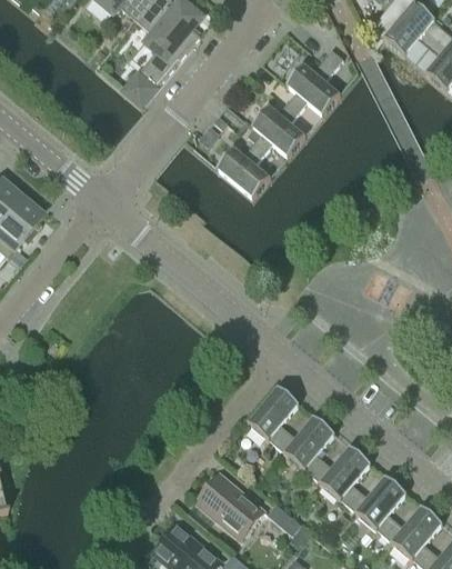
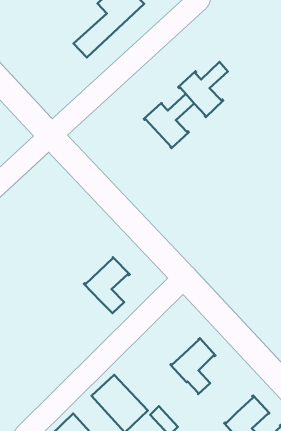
building: [285,48,342,114] -> none
building: [247,386,299,451] -> [84,257,130,313]
building: [319,445,370,511] -> none

